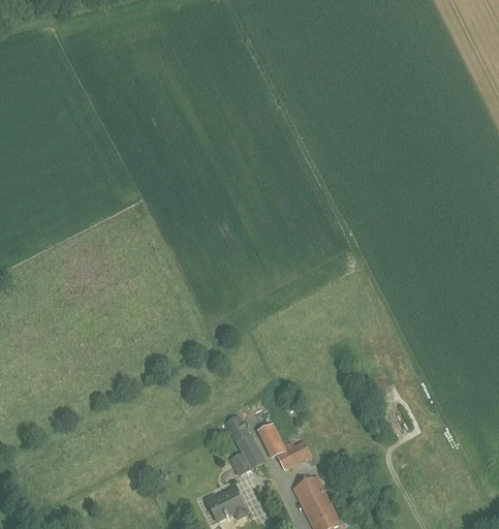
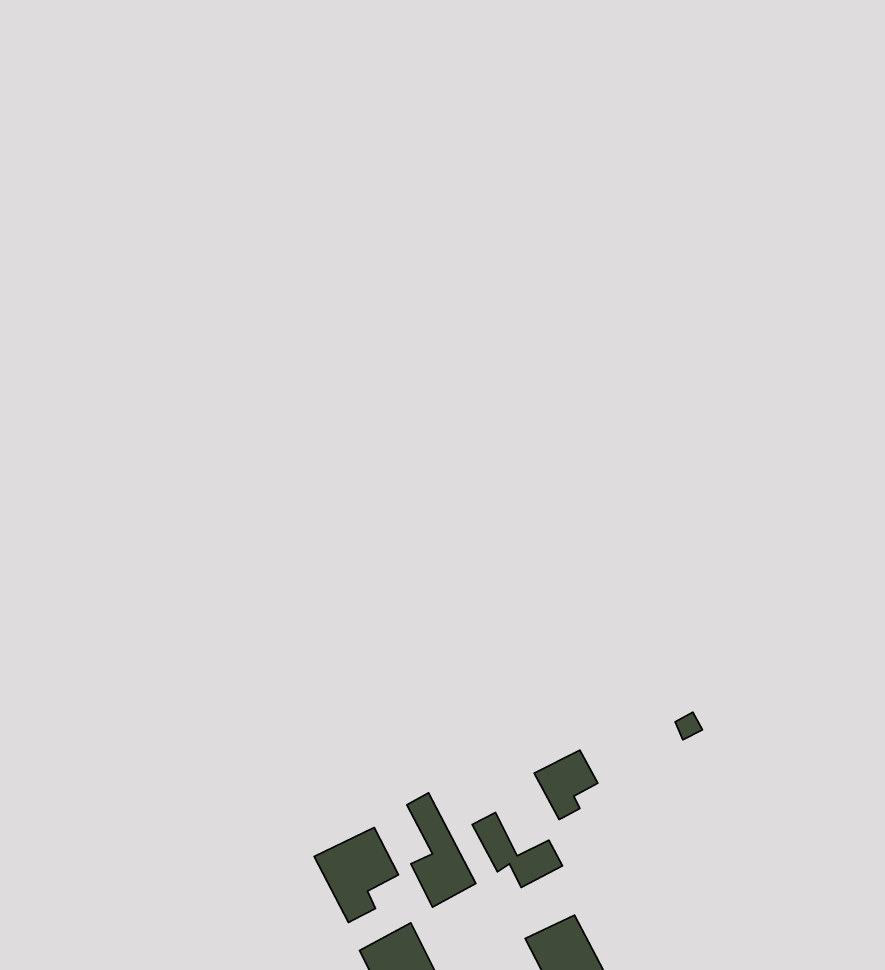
building: none -> [534,750,598,820]
building: none -> [314,828,399,923]

